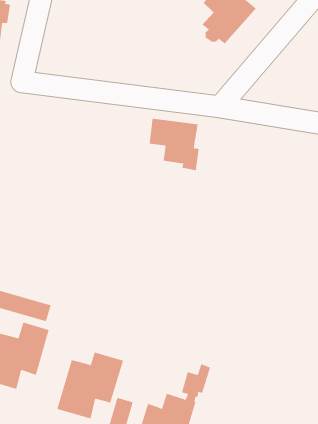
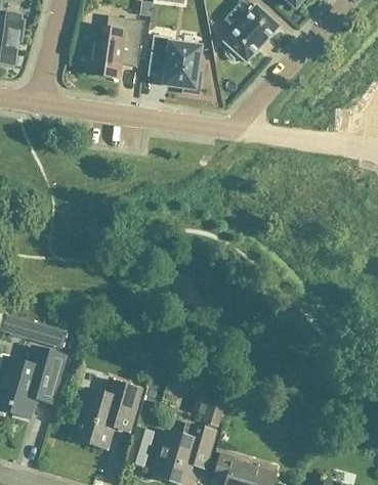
building: none -> [87,23,143,79]
building: [149,118,199,171] -> [150,41,202,95]

